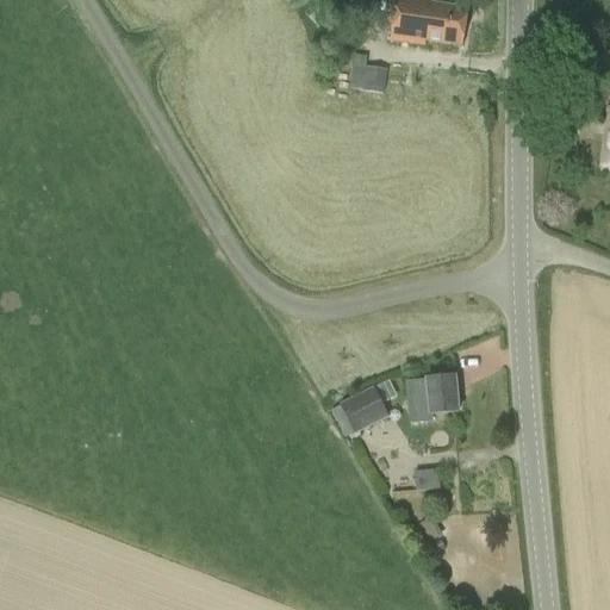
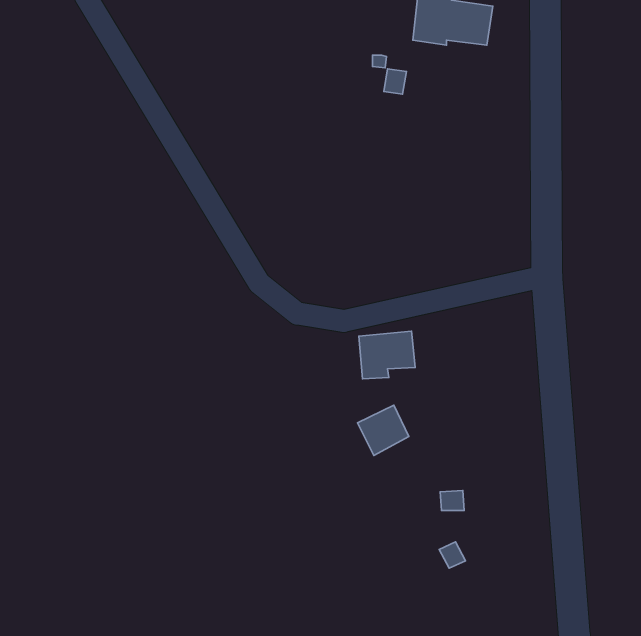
building: [405,375,459,421] -> [359,331,415,379]

